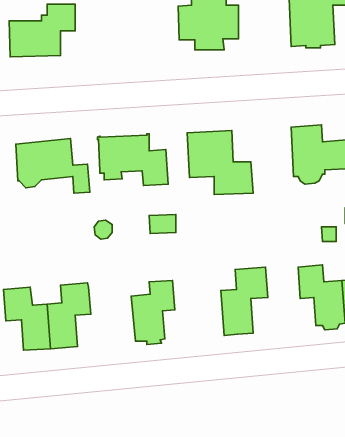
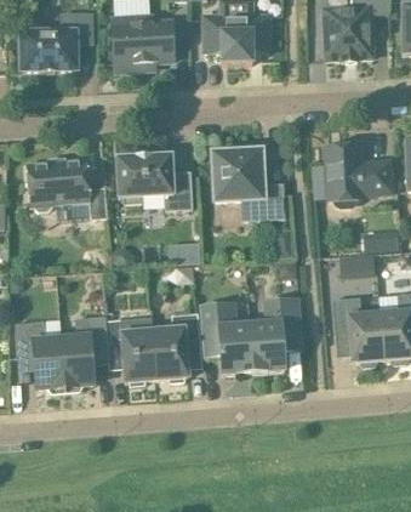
building: none -> [113,15,172,69]
building: none -> [200,302,252,372]
building: none -> [105,315,156,383]

